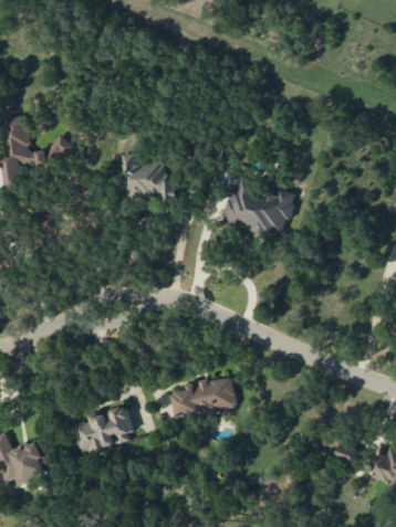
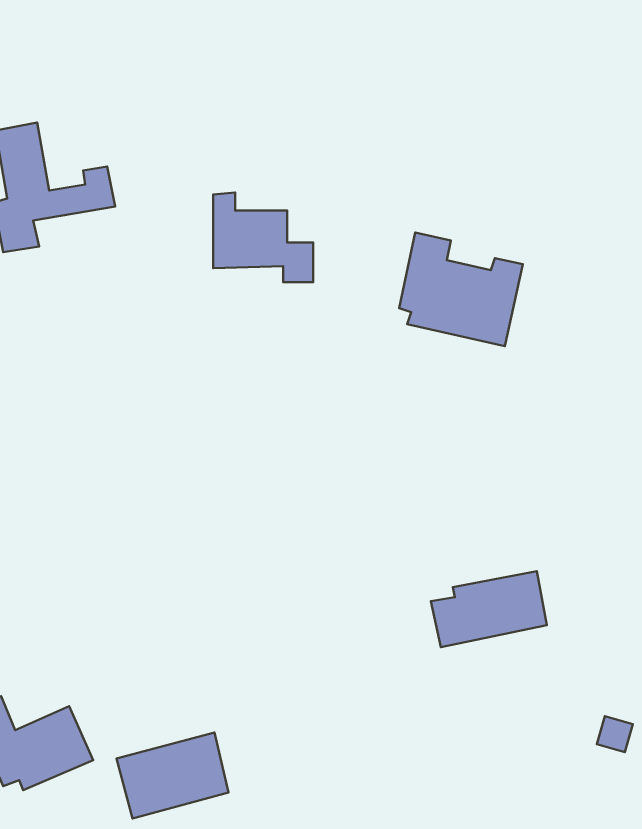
building: [173,376,237,418] -> [431,571,547,647]
building: [72,408,134,455] -> [117,733,228,819]

